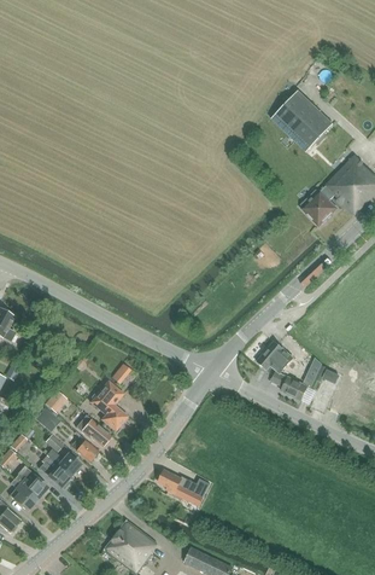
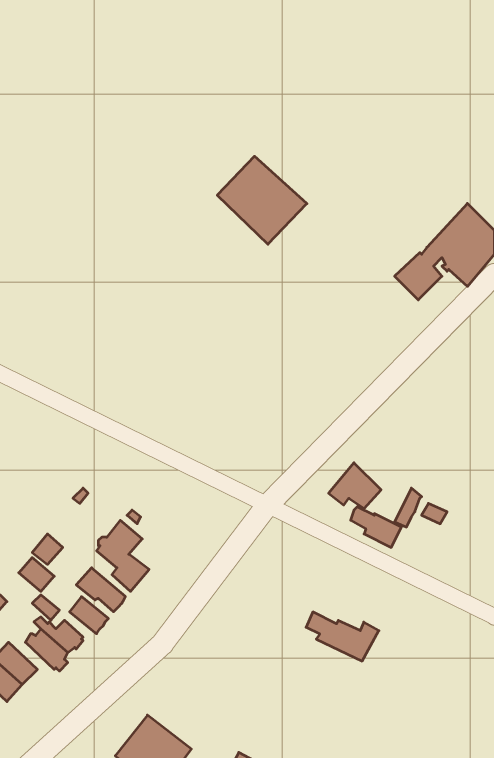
building: [270,89,334,152] -> [217,156,307,244]
building: [159,470,211,505] -> [306,612,379,661]

